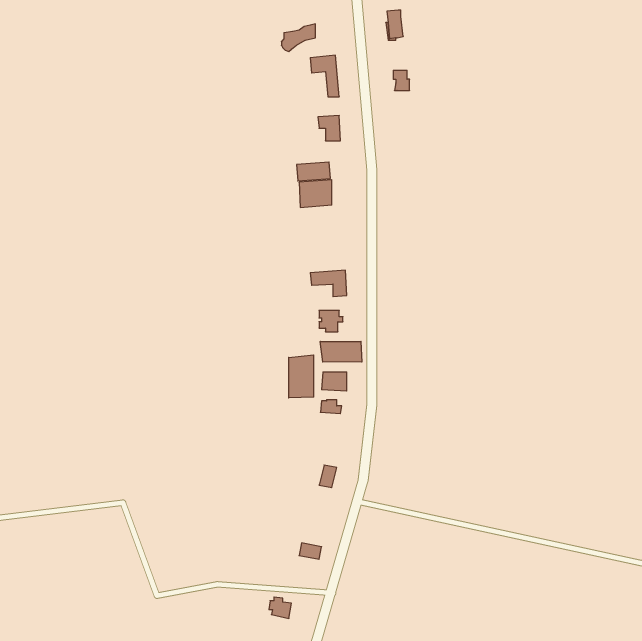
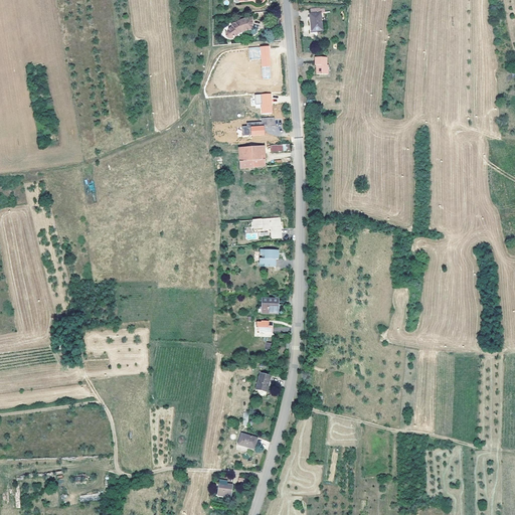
building: [320,341,362,362] -> none
building: [289,355,314,398] -> none

